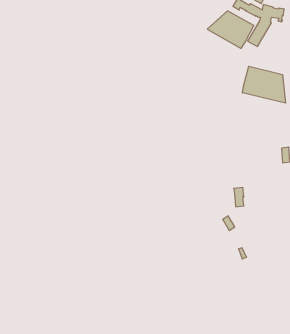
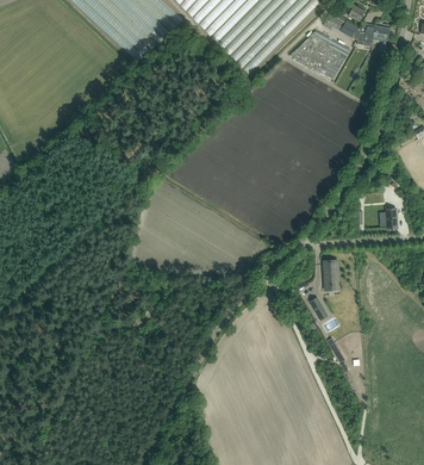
building: [242,66,286,103] -> none

